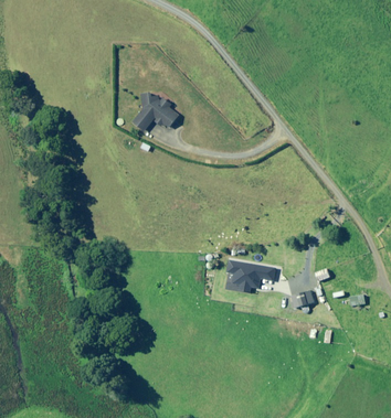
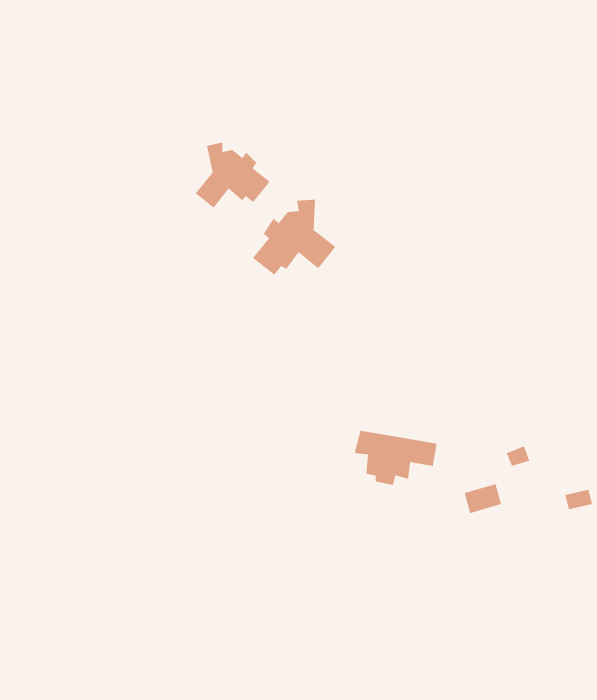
building: none -> [252,199,336,275]

